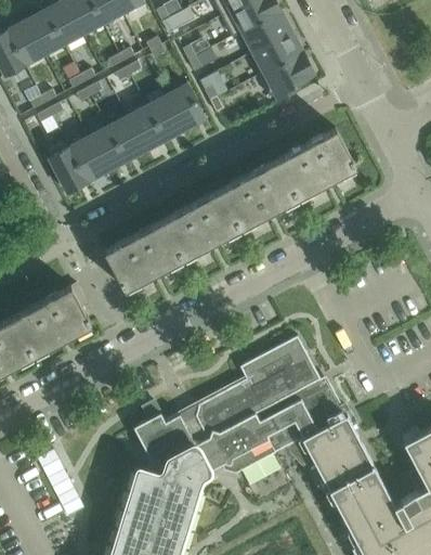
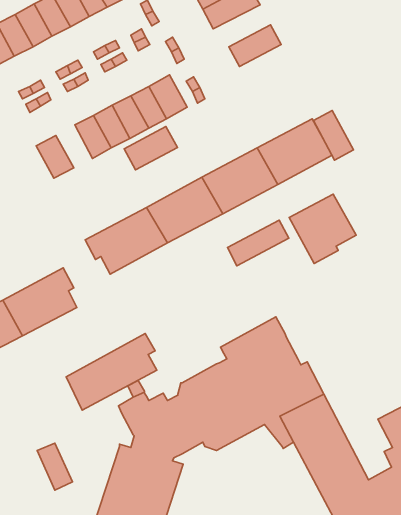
building: [233,11,292,54] -> none
building: [260,52,315,101] -> none
building: none -> [313,111,353,160]
building: [69,135,107,180] -> none
building: none -> [124,127,177,170]
building: none -> [289,194,356,264]
building: none -> [227,220,289,266]
building: none -> [66,333,157,410]

